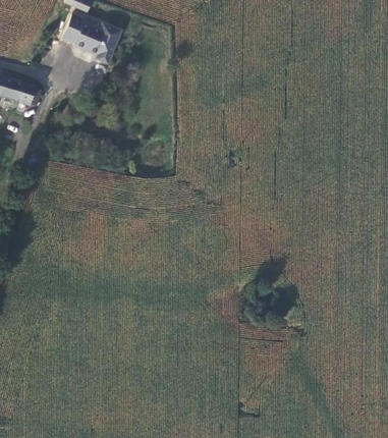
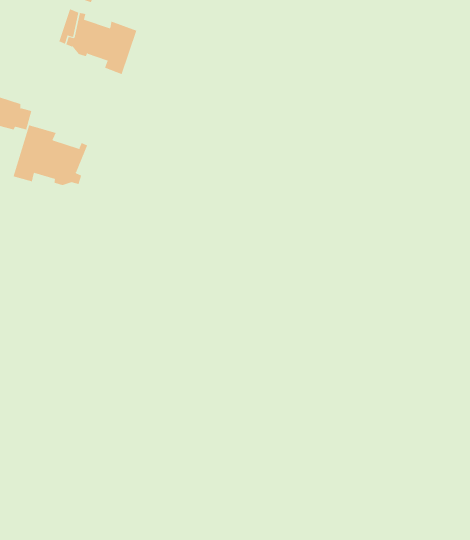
building: none -> [13,124,88,186]

